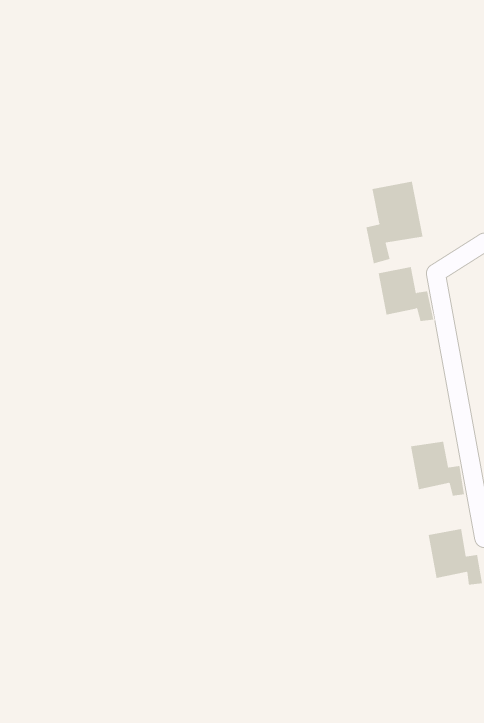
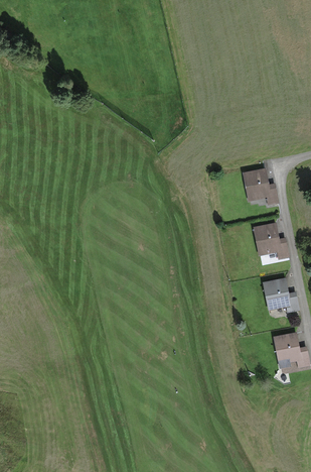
building: [366,181,423,264] -> none
building: none -> [254,224,288,259]

